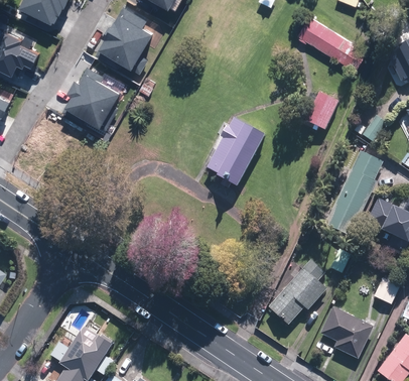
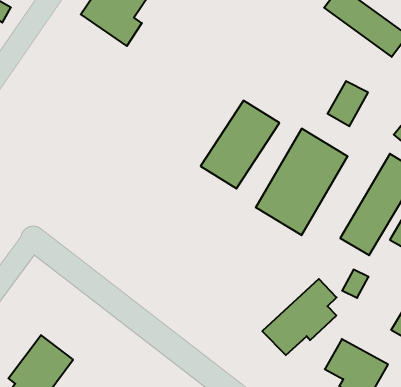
building: [64,69,118,127] -> none
building: none -> [256,128,348,235]

